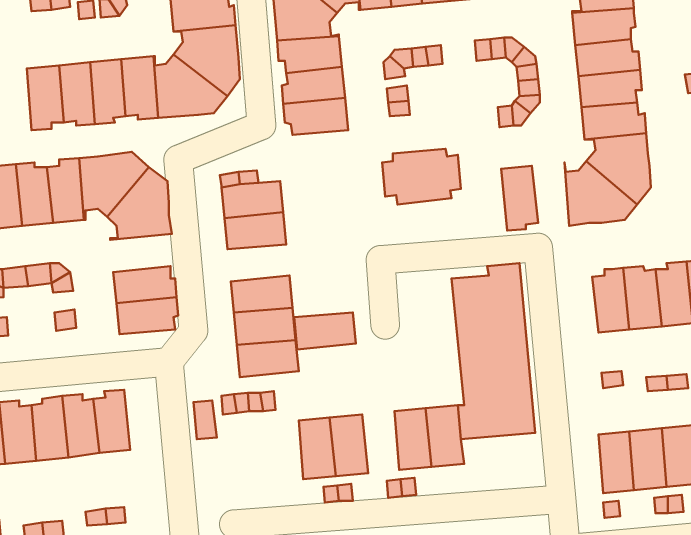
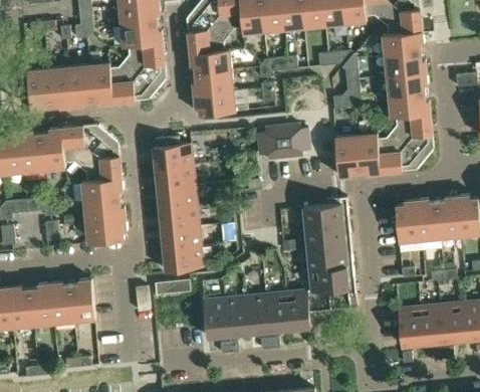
building: none -> [354,133,379,175]
building: none -> [80,179,122,204]
building: [294,313,356,350] -> [157,186,197,210]
building: none -> [244,295,268,335]

